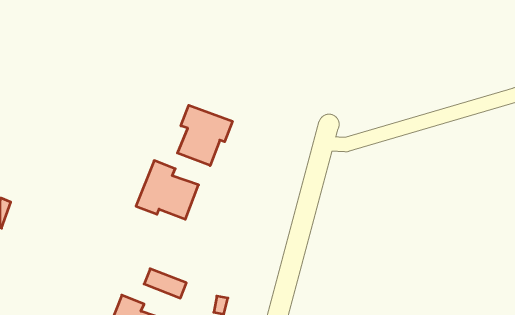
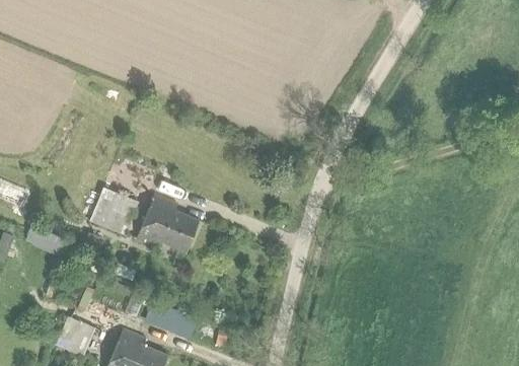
building: [177,105,232,166] -> none
building: none -> [89,188,140,236]

